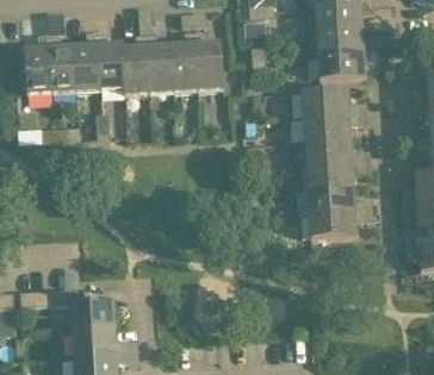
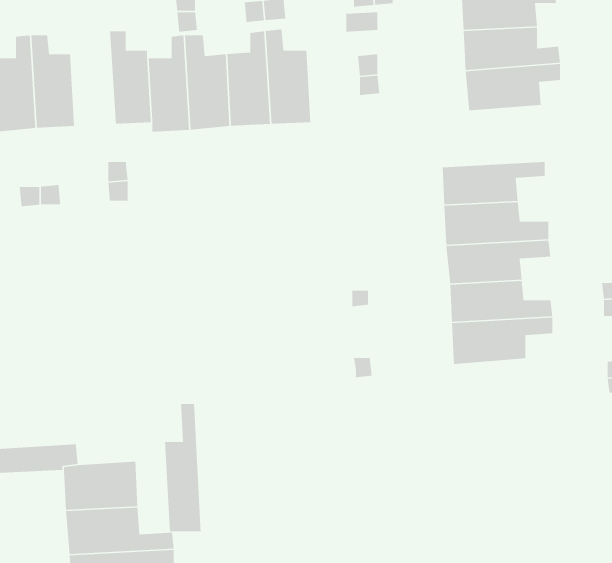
building: [73,30,100,89] -> none
building: [302,87,367,114] -> none
building: none -> [164,403,202,532]

